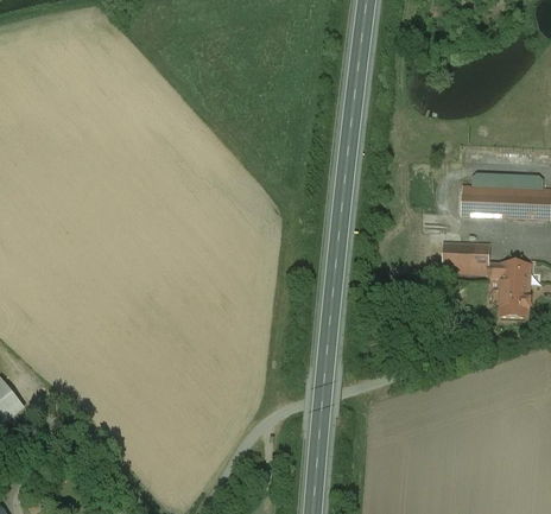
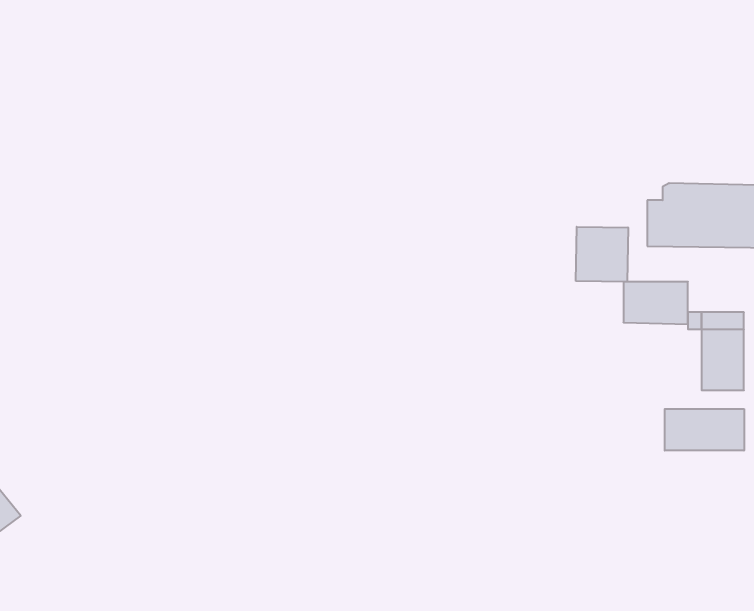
building: none -> [576,227,628,282]
building: none -> [665,409,744,451]

